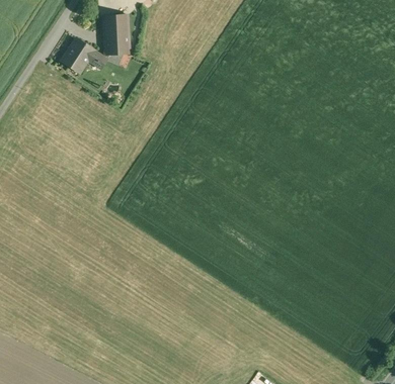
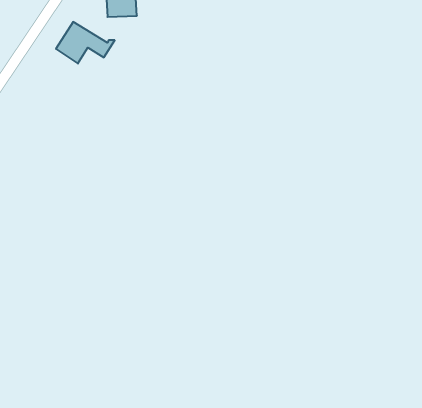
building: [103,33,129,54] -> none

